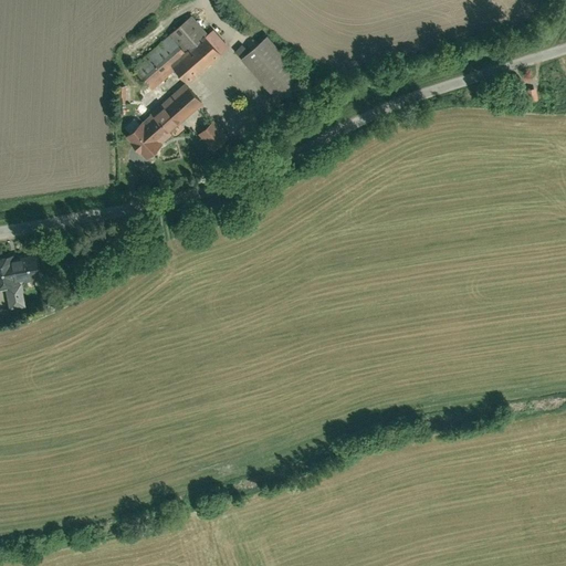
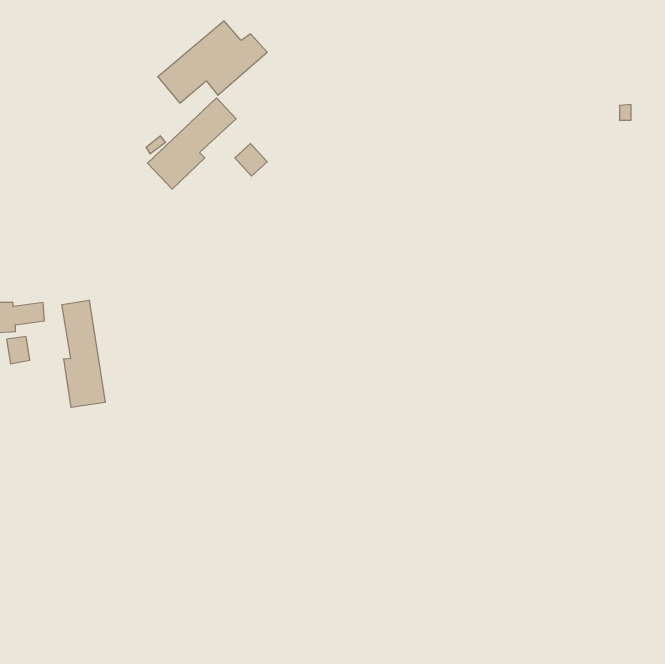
building: [243,40,303,102] -> none
building: none -> [62,300,105,408]

